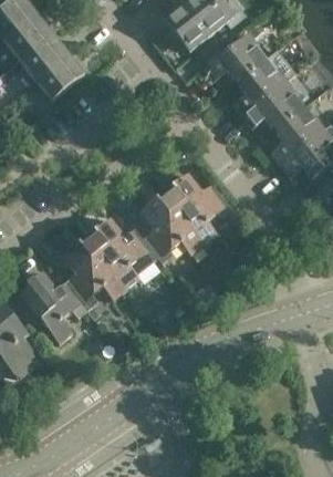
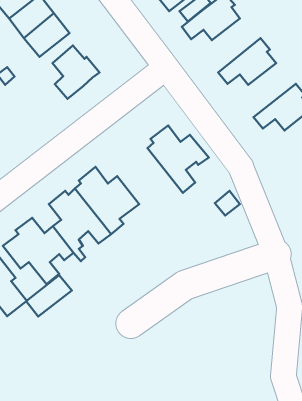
building: [232,49,296,116] -> none
building: none -> [53,45,99,99]
building: [270,106,325,164] -> none
building: [139,197,205,261] -> none
building: none -> [26,275,72,317]

